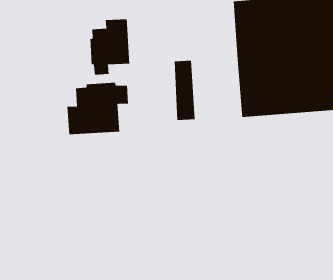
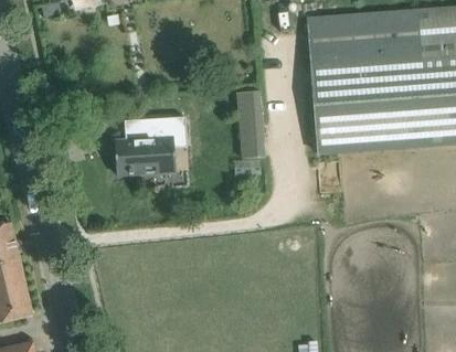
building: [90,18,130,75] -> none

